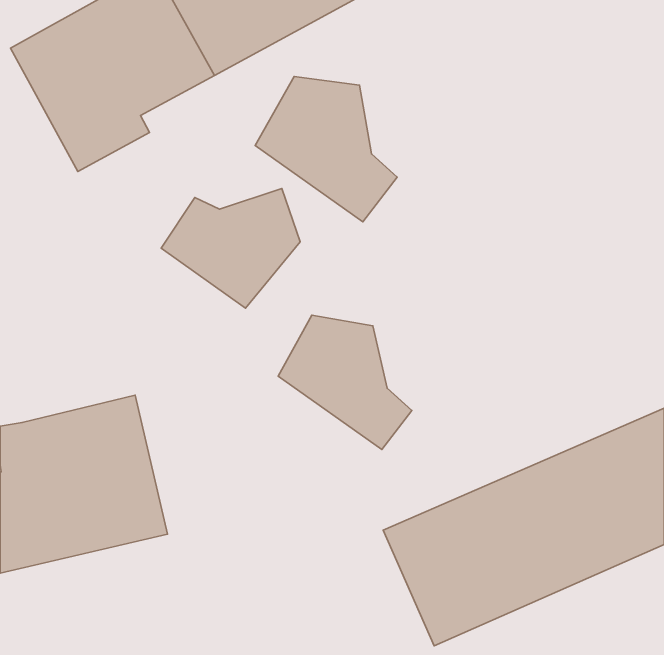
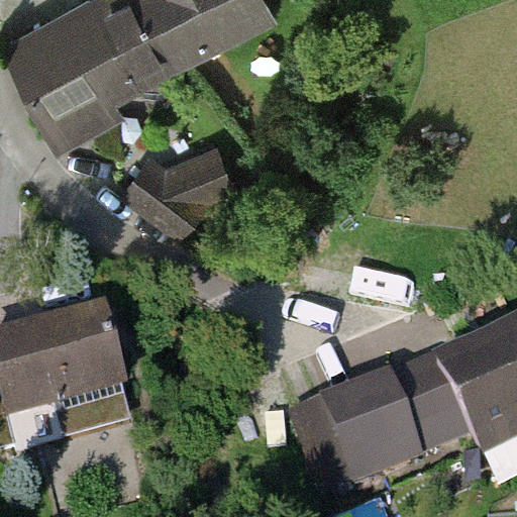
building: [255,76,397,222] -> none
building: [278,315,412,450] -> none

